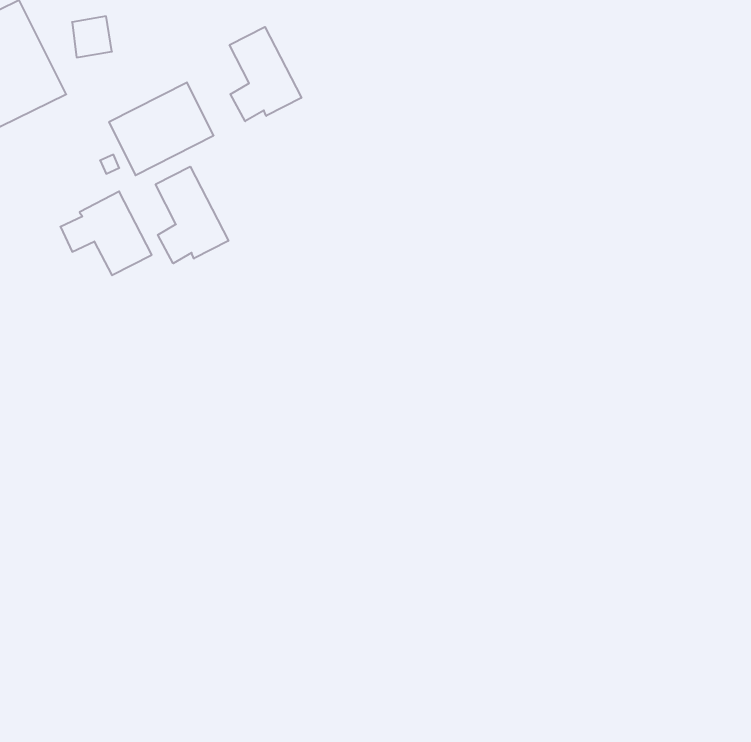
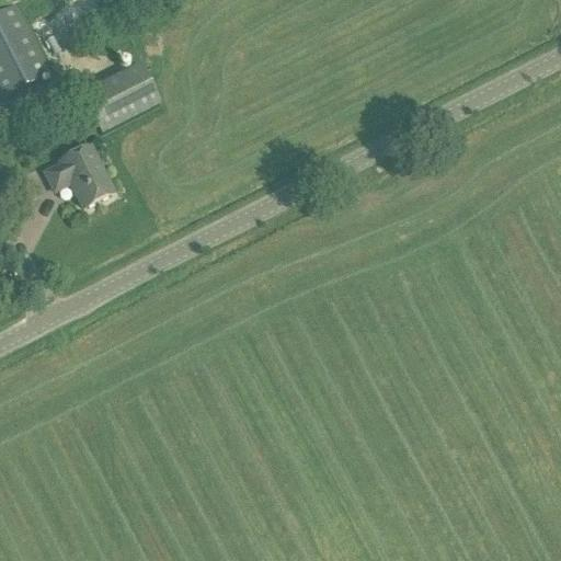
building: [230,27,301,121] -> none
building: [156,167,228,263] -> none

